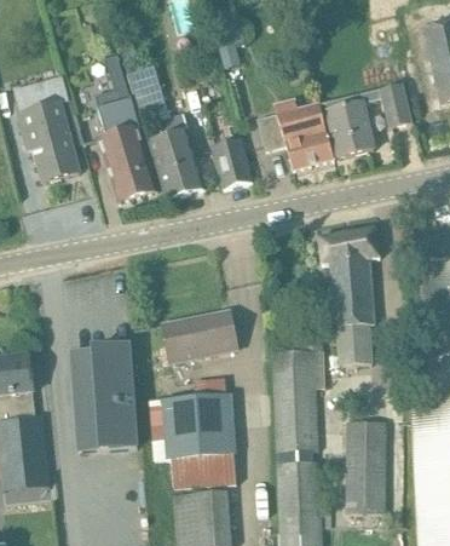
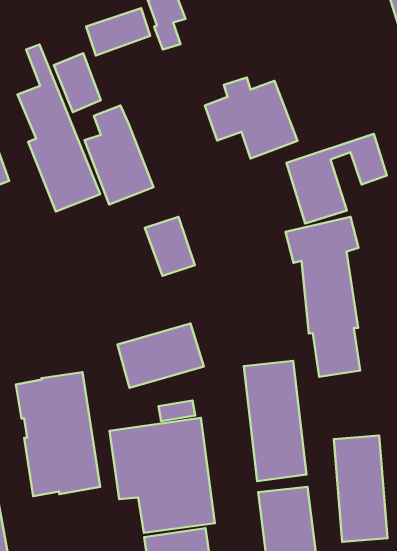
building: none -> [86,8,150,56]
building: [325,84,413,157] -> [287,134,387,224]
building: [212,138,253,189] -> [145,217,195,276]

